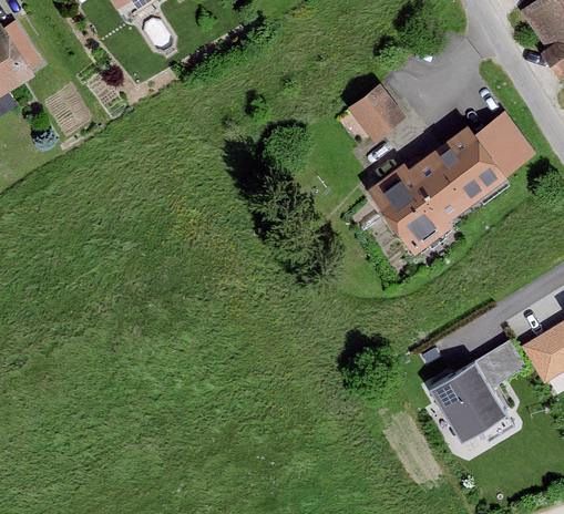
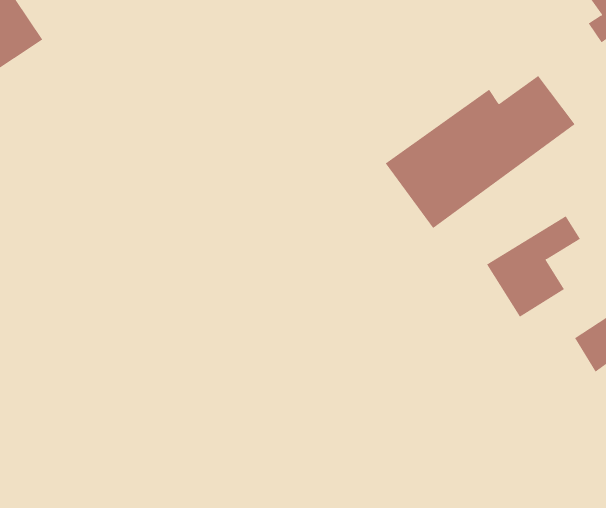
building: [341,82,399,141] -> none
building: [439,345,524,436] -> [486,215,581,318]

